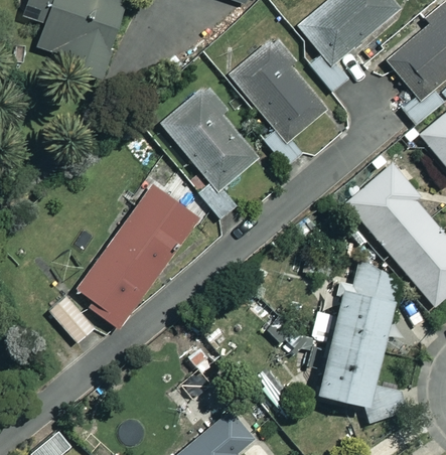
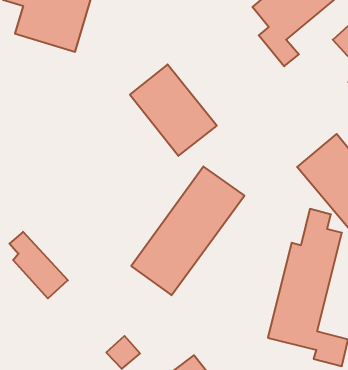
building: [231,43,325,142] -> none
building: [75,184,199,326] -> [131,166,244,295]

